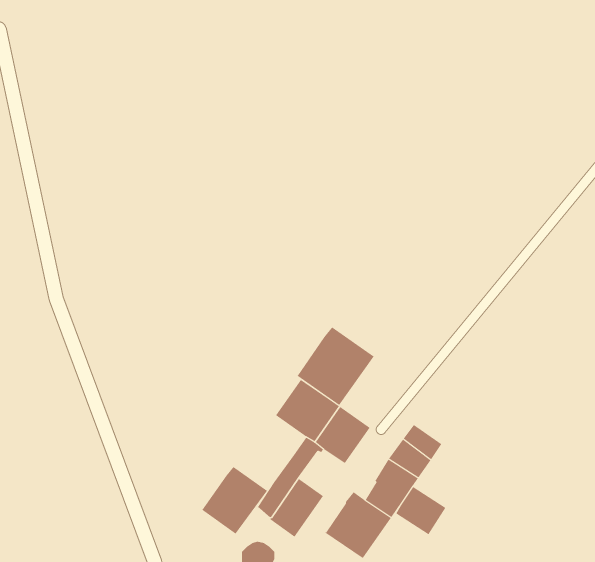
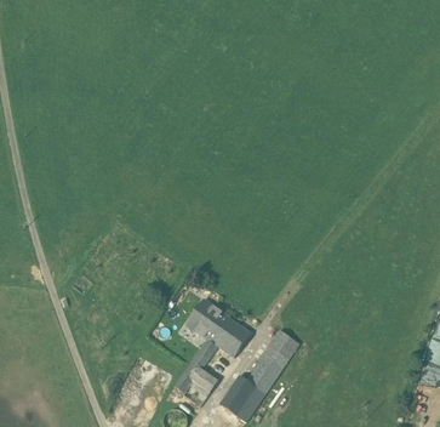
building: [297,327,375,406] -> none
building: [201,466,268,535] -> none
building: [396,486,446,535] -> none

